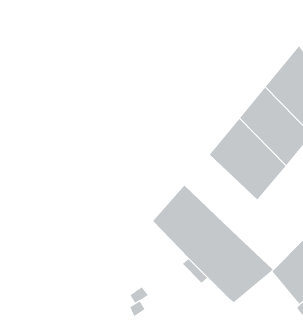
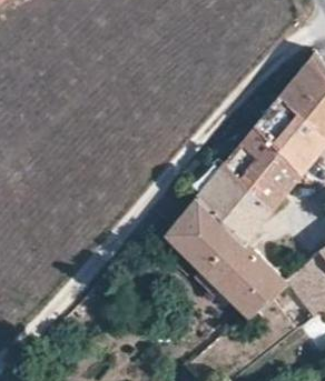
building: none -> [195,163,270,242]

